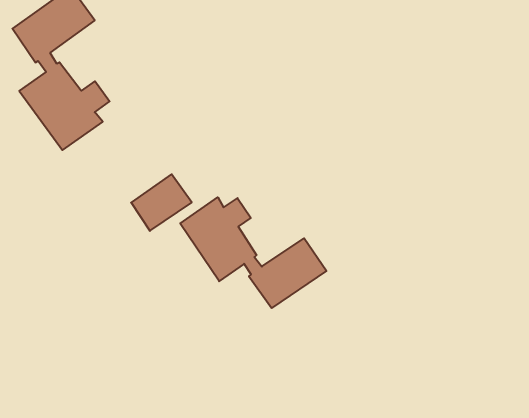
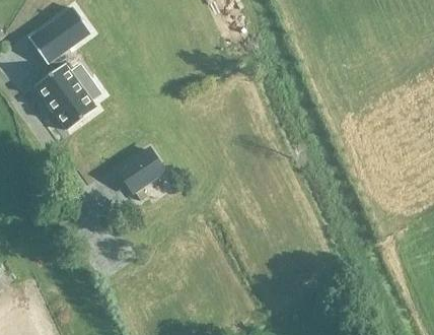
building: [180,197,326,308] -> none

